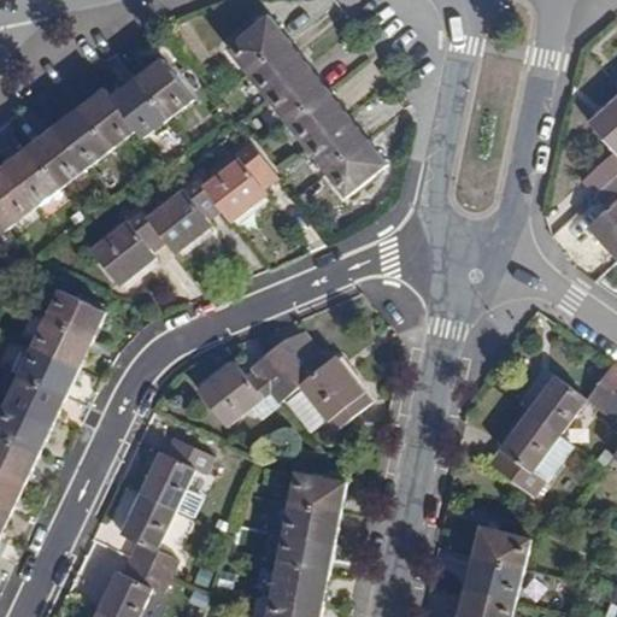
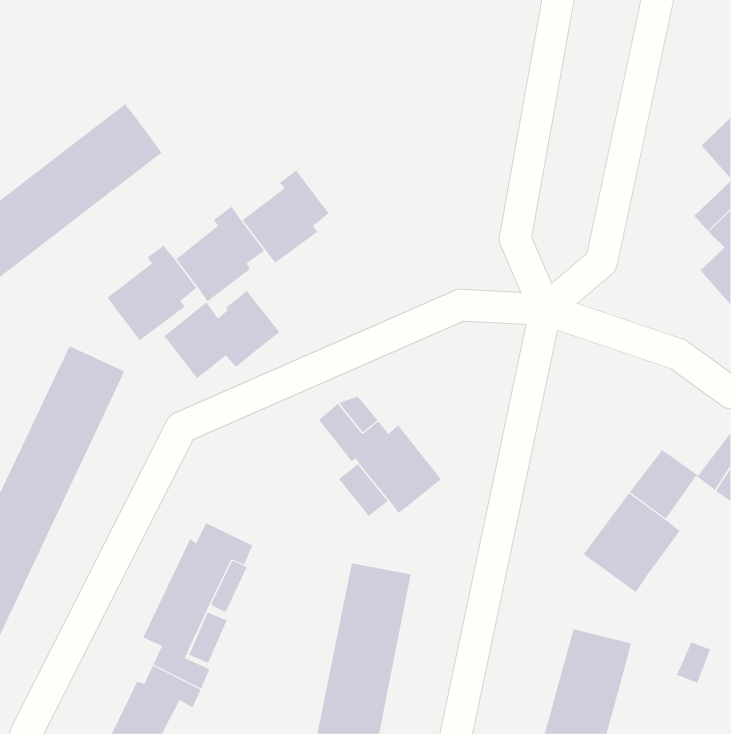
building: [227,16,386,196] -> none
building: [112,58,193,137] -> none
building: [196,352,294,427] -> [164,290,280,379]

